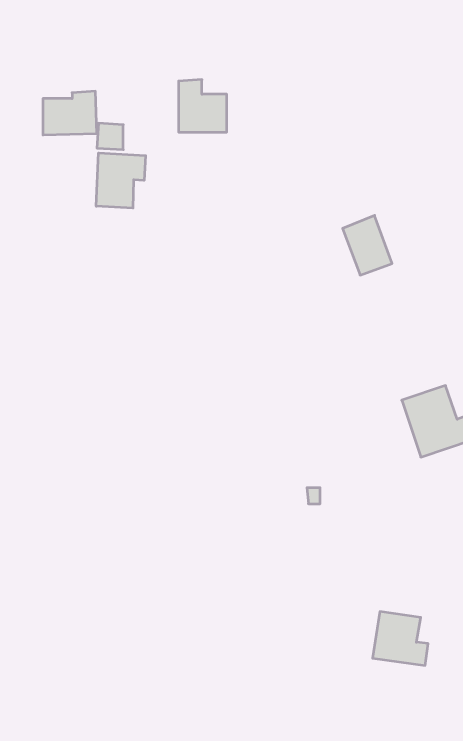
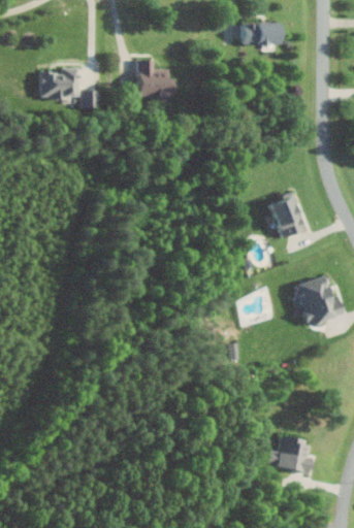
building: none -> [240,23,281,44]
building: [96,153,146,208] -> none
building: [343,215,392,275] -> [269,196,304,238]

